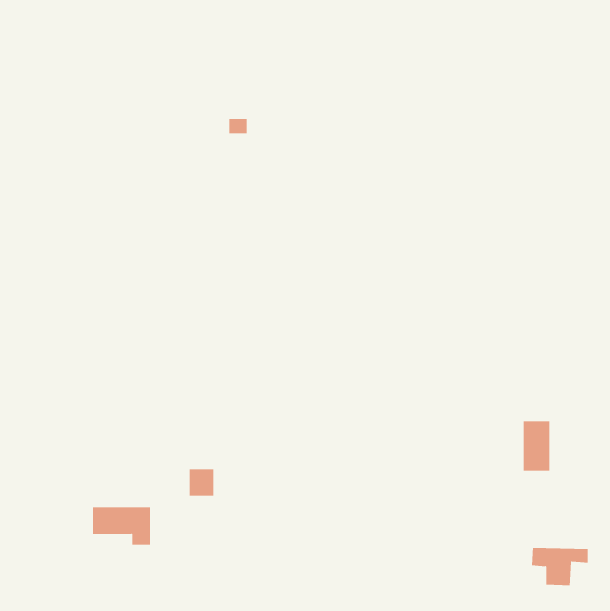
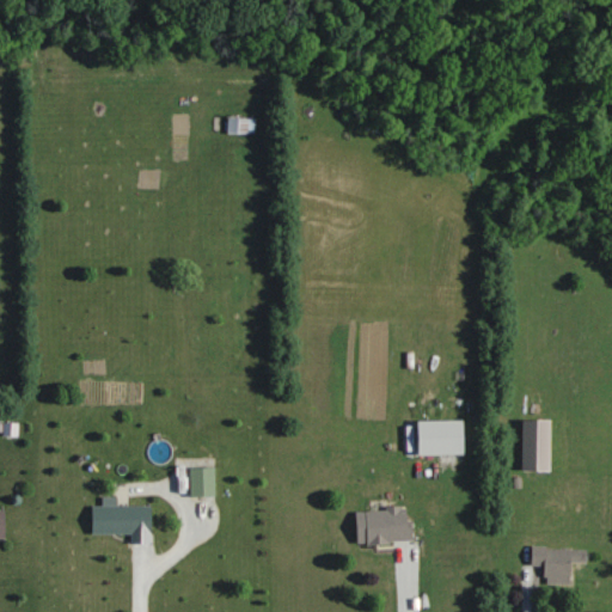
building: none -> [418,421,464,455]
building: none -> [356,508,411,544]

